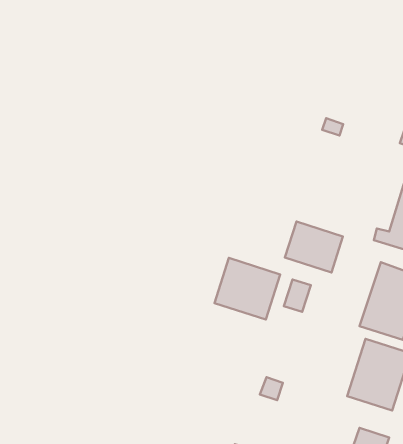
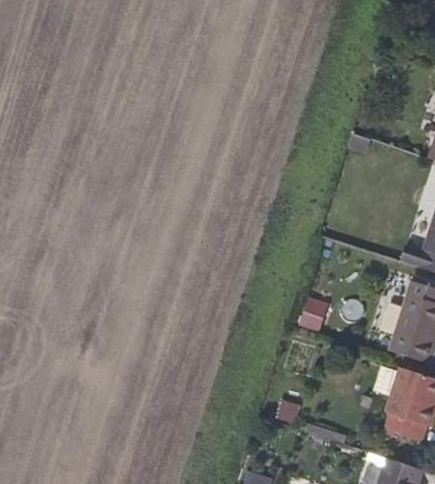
building: [285,222,343,272] -> none
building: [214,258,280,320] -> none

